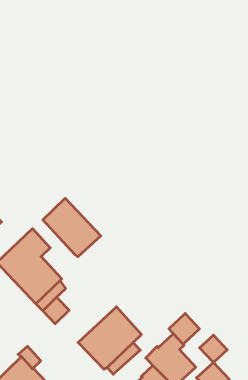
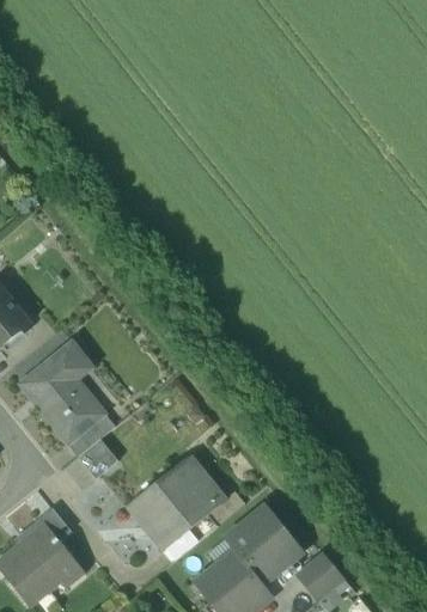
building: [43,198,101,257] -> none
building: [169,313,199,344] -> none
building: [200,335,227,363] -> none

